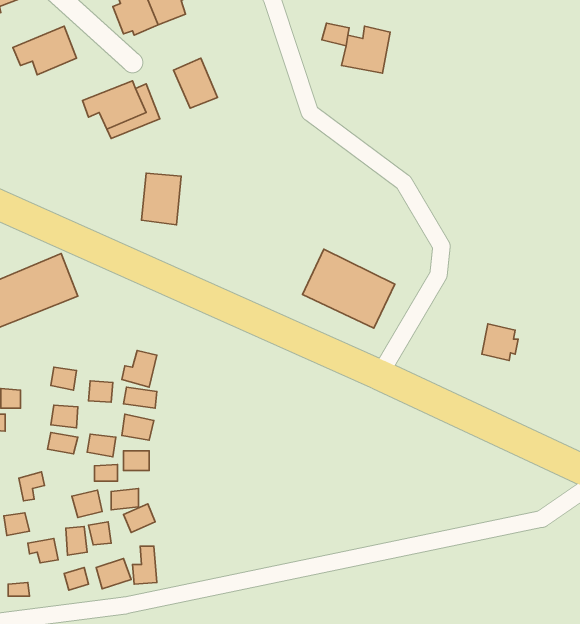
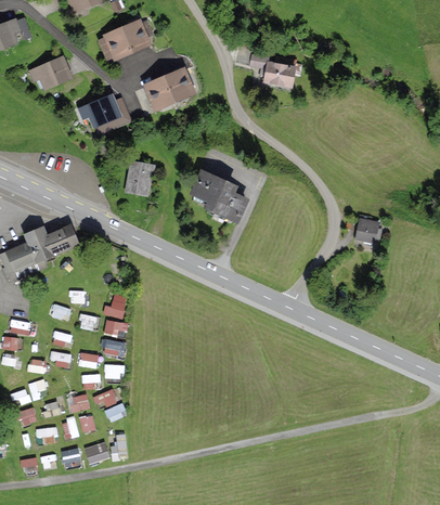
building: none -> [160,69,195,107]
building: [303,249,395,328] -> [177,168,243,224]
building: [482,324,518,360] -> [353,219,379,245]

